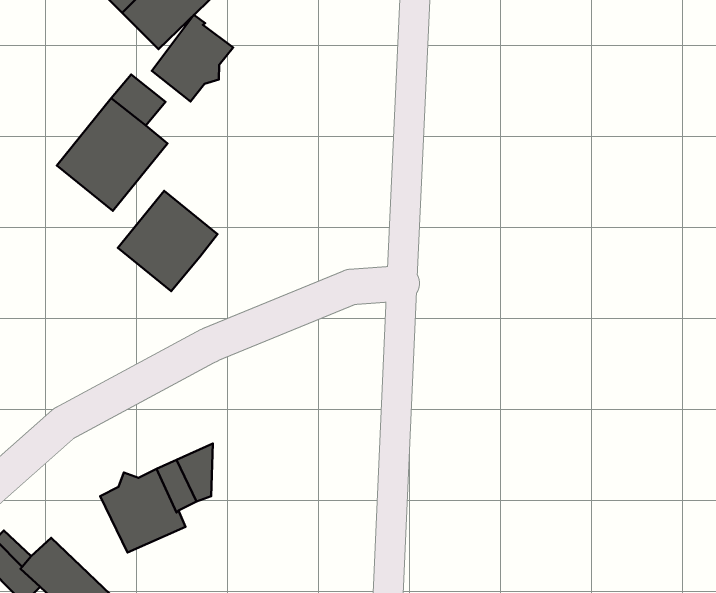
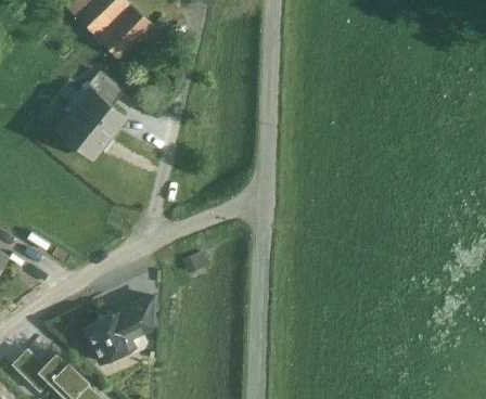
building: [152,15,233,101] -> none
building: [118,191,218,291] -> none

